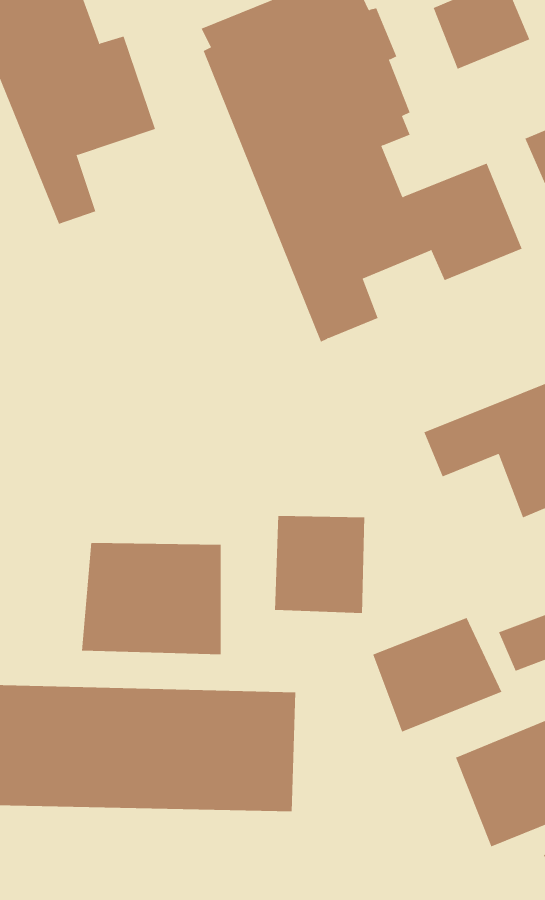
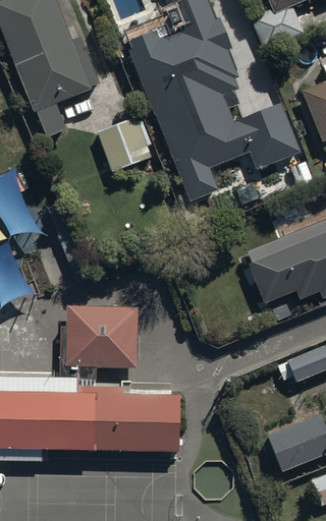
building: none -> [98,116,153,170]
building: [274,515,365,614] -> none
building: [372,617,502,733] -> none

